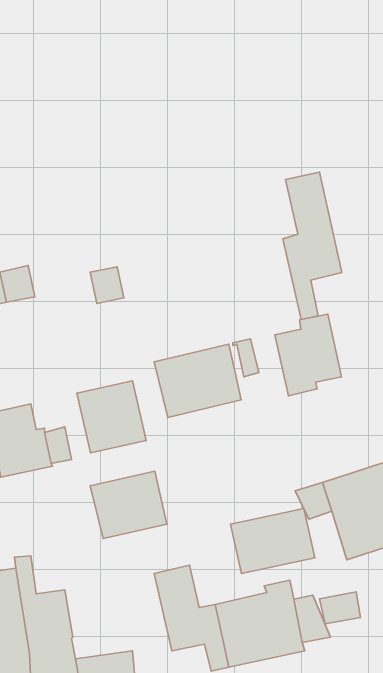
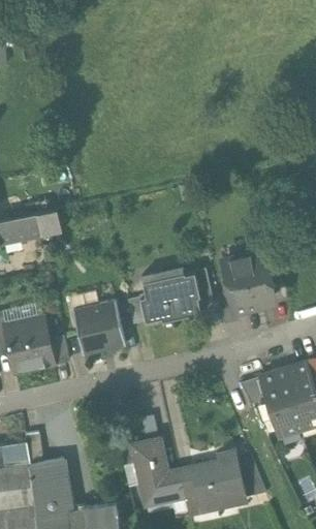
building: [283,172,342,319] -> none
building: [90,267,124,303] -> [36,208,62,236]
building: [90,471,167,538] -> none
building: [230,508,315,574] -> none
building: [319,592,360,624] -> none

